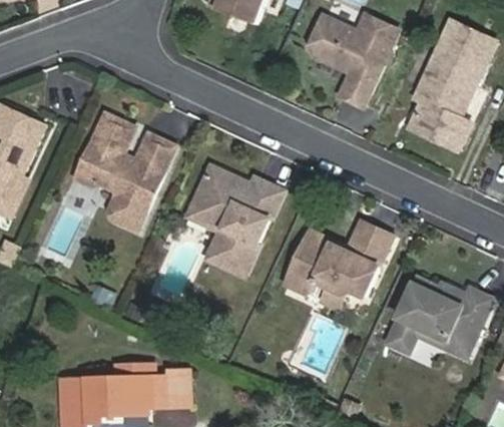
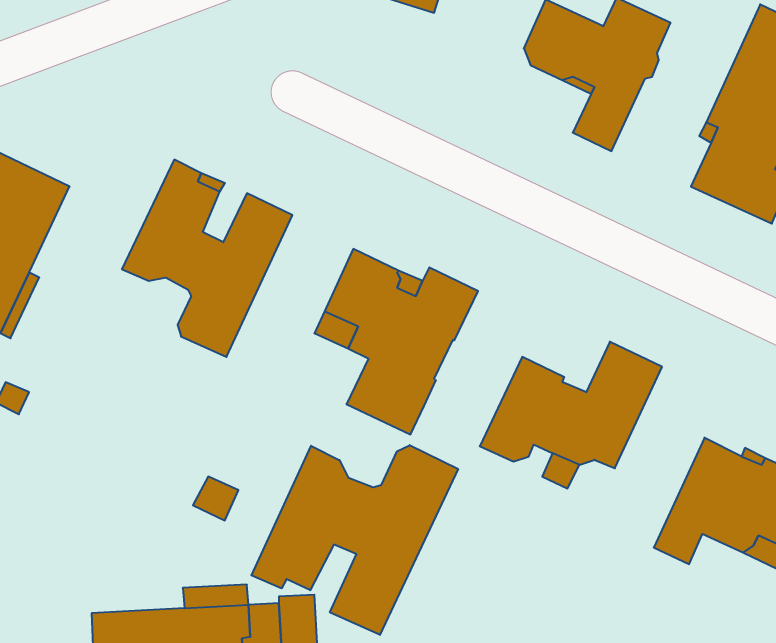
building: none -> [251,445,458,635]

